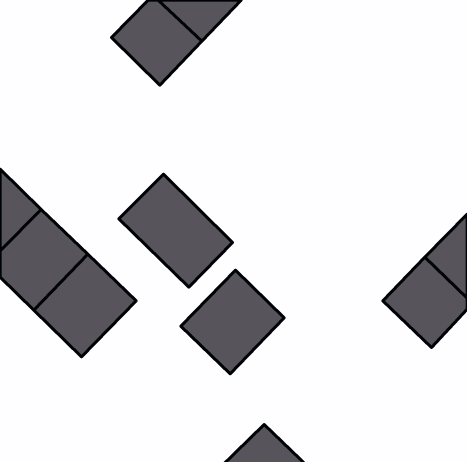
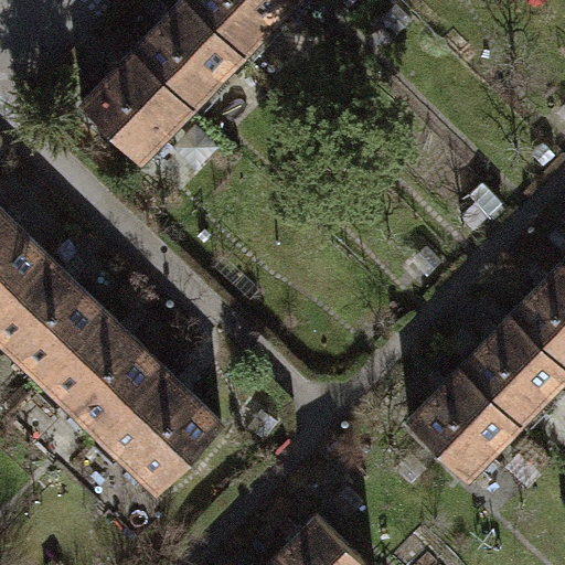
building: none -> [83,52,193,162]
building: [119,174,232,287] -> none
building: [181,270,284,374] -> [98,370,223,494]
building: none -> [409,370,521,480]

